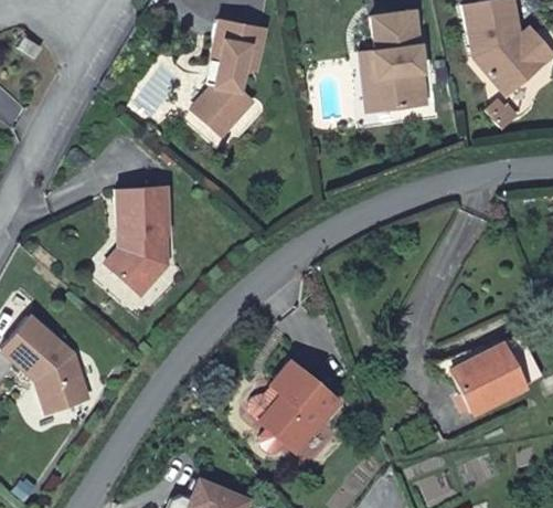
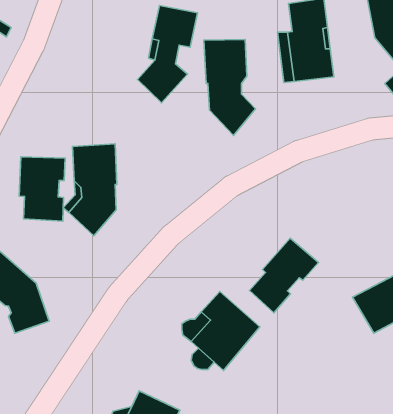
building: none -> [204,40,256,136]
building: none -> [19,157,65,221]
building: none -> [250,238,318,313]

